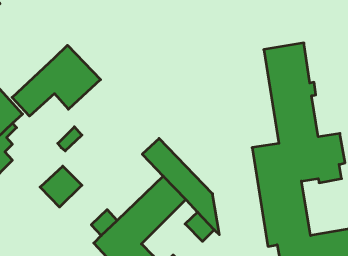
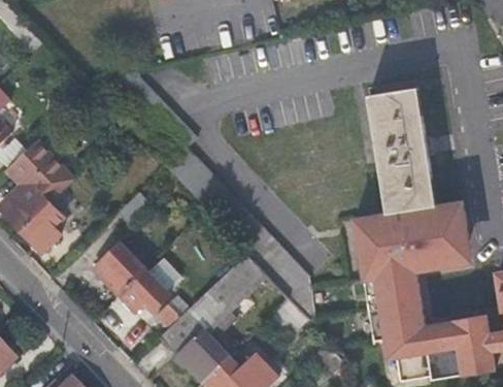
building: [12,45,101,116] -> none
building: none -> [118,265,170,310]

